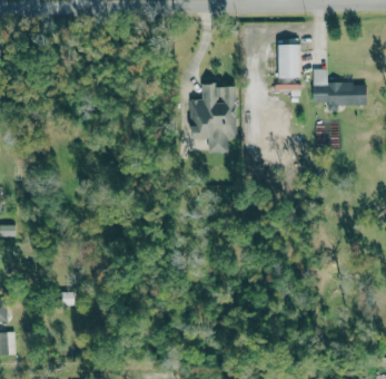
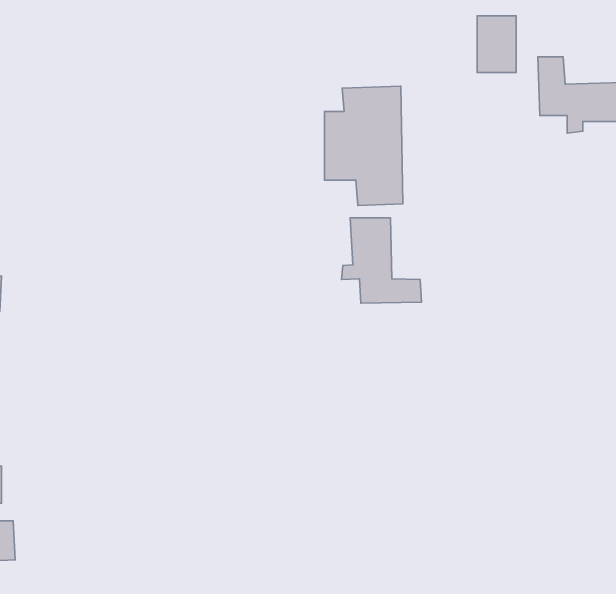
building: none -> [342,218,421,303]

